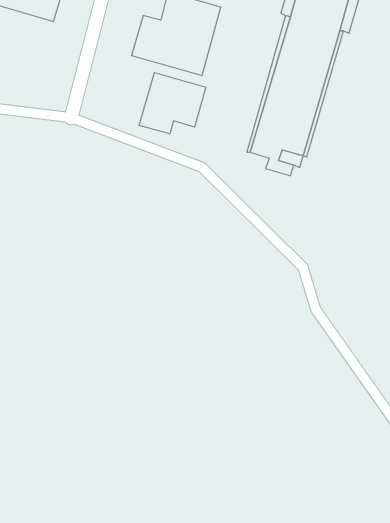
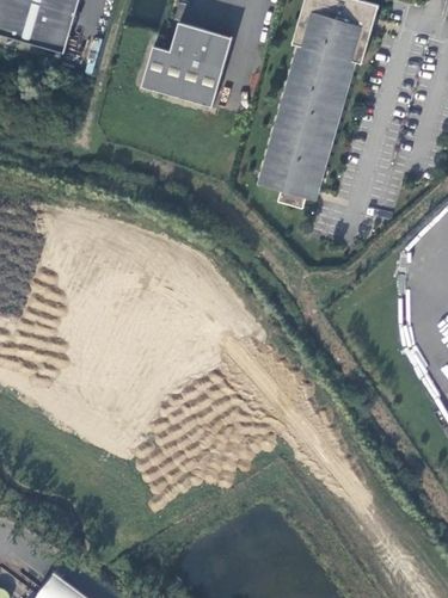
building: [139,72,206,134] -> none

